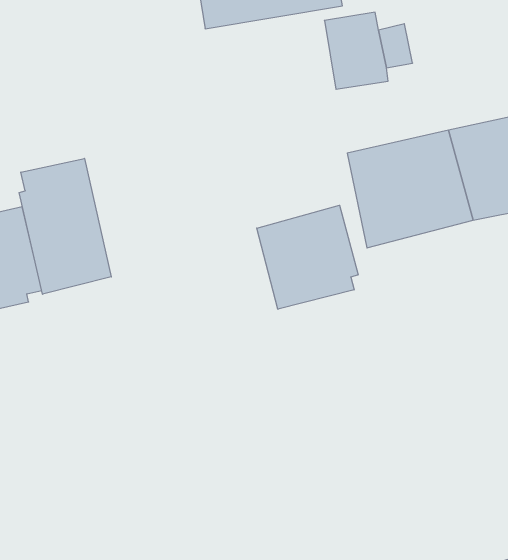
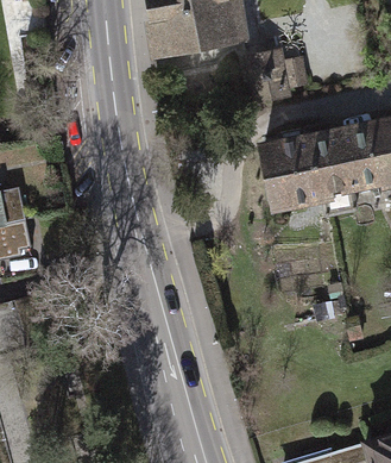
building: [19,158,111,294] -> none
building: [257,205,358,309] -> none

